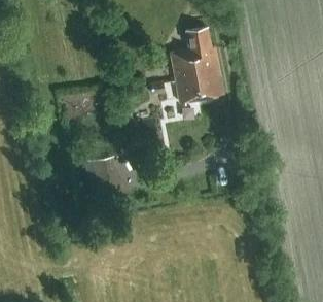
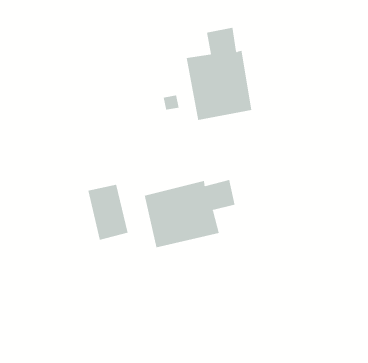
building: none -> [144,179,235,248]

